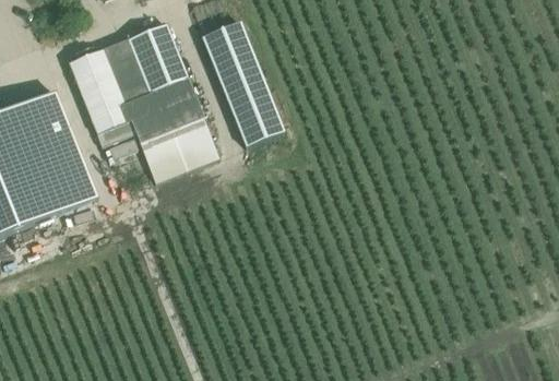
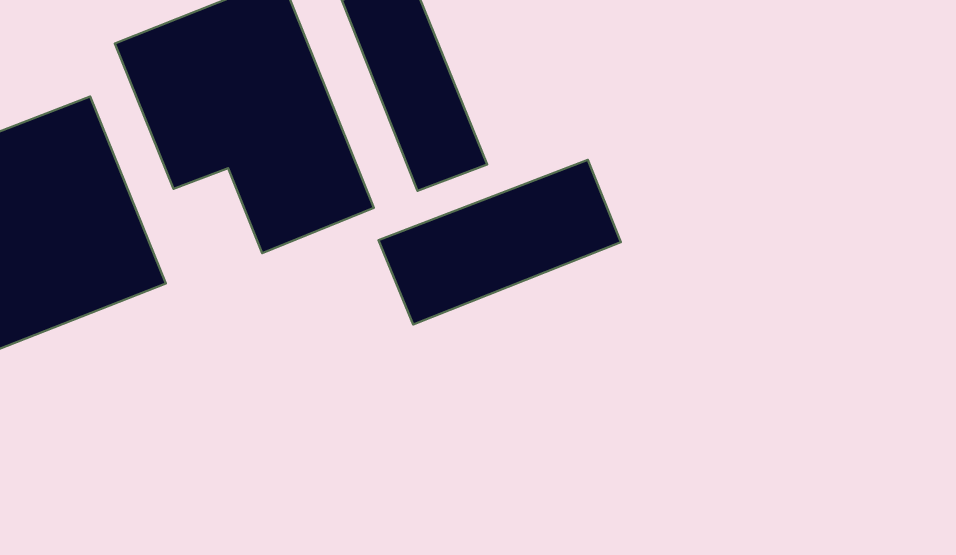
building: none -> [379,160,621,324]

